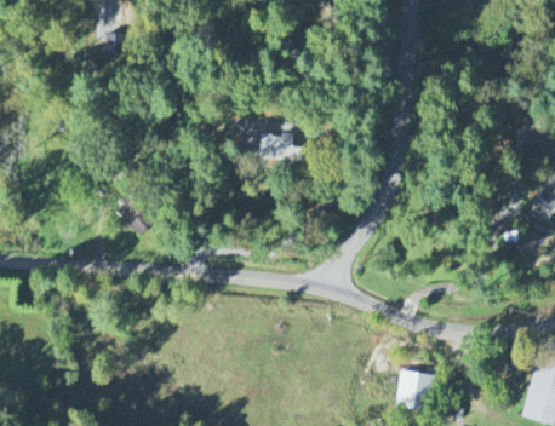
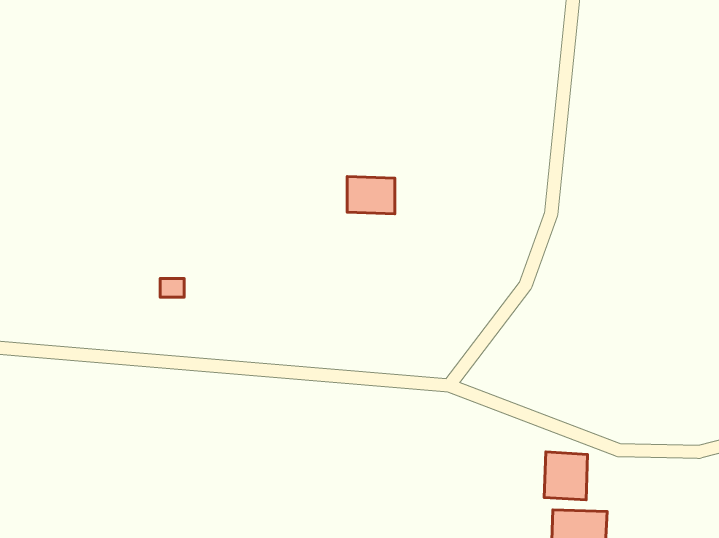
building: none -> [544,452,588,500]

